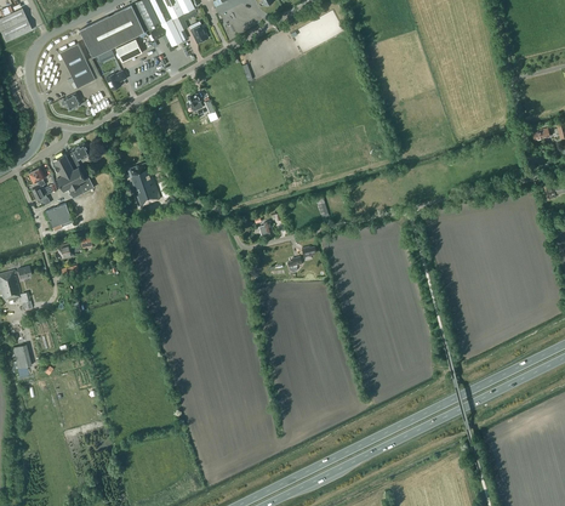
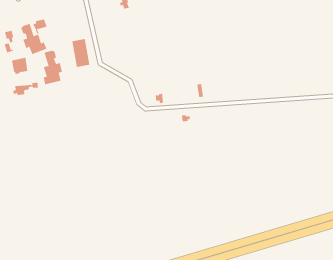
building: none -> [43,50,62,85]

